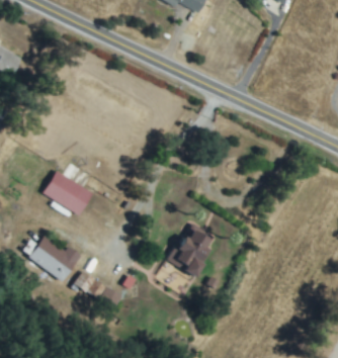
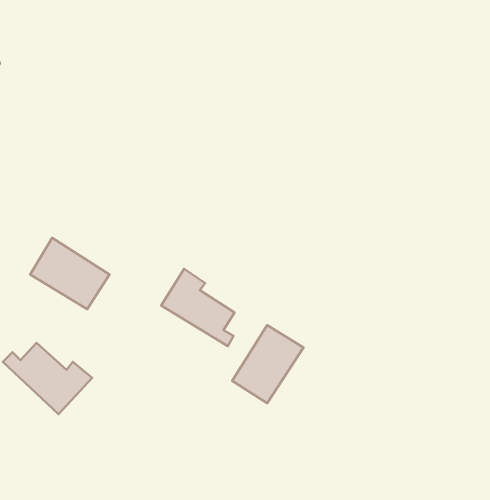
building: none -> [161,269,235,346]
building: [75,273,120,308] -> none

